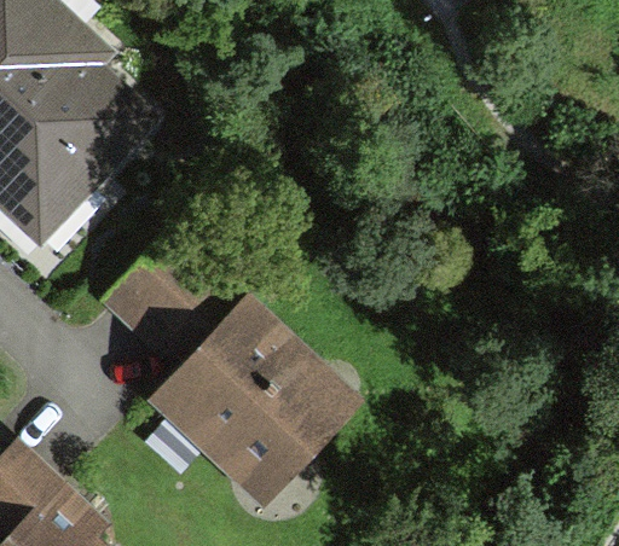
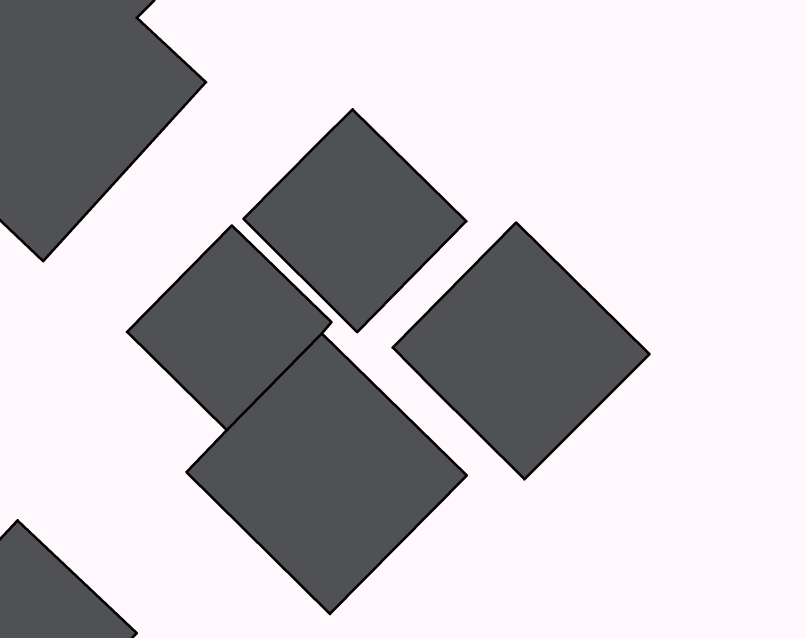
building: none -> [244,109,466,332]
building: none -> [393,223,649,479]

